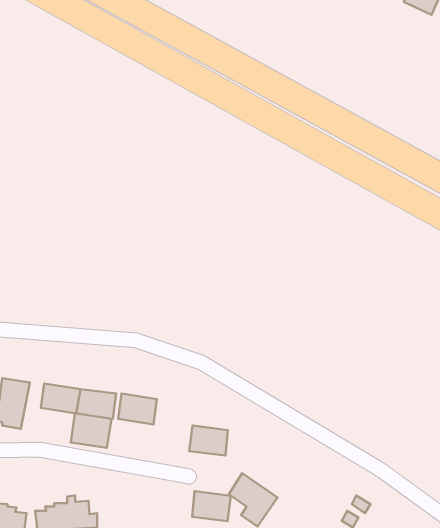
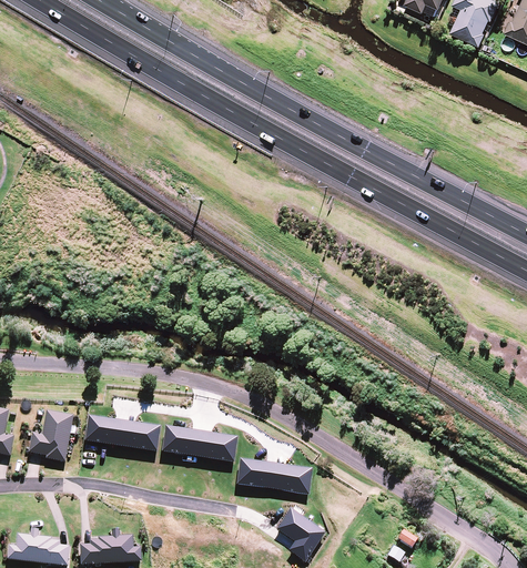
building: none -> [199,430,239,460]
building: [71,413,111,448] -> none
building: [192,491,231,521] -> [271,462,310,491]

